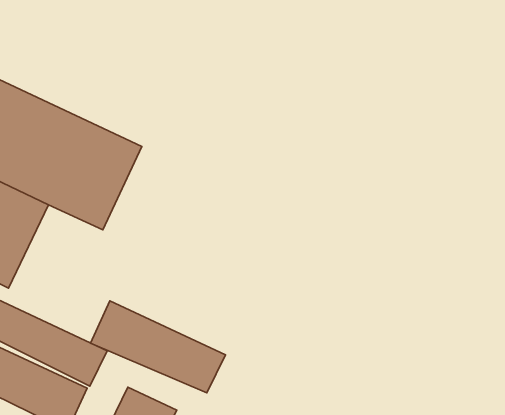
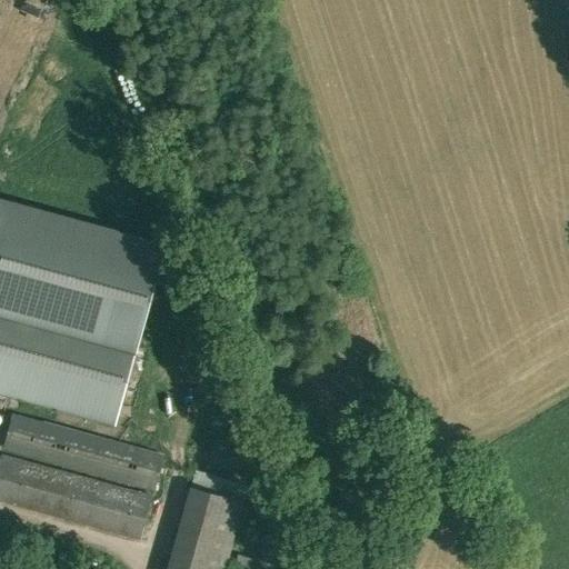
building: none -> [57,320,140,425]
building: [91,301,225,393] -> none

